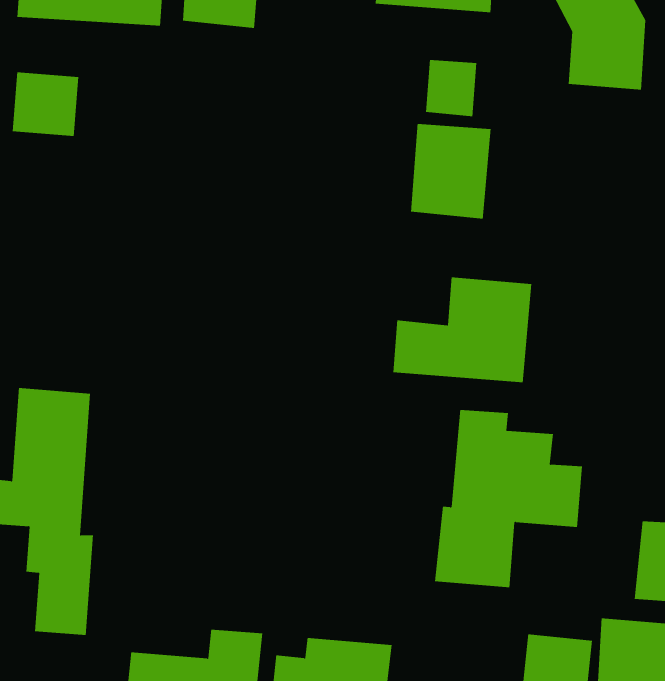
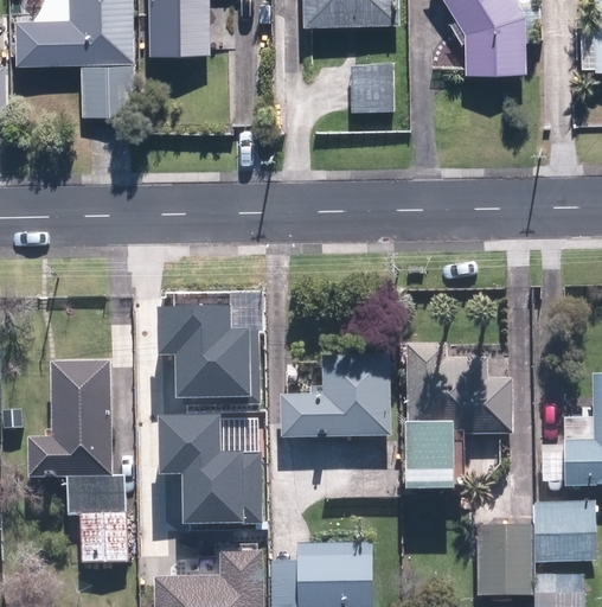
building: [12,72,79,137] -> [81,66,133,116]
building: [410,123,491,219] -> none
building: [392,277,532,383] -> [278,357,386,440]
building: none -> [164,302,264,394]
building: none -> [167,411,268,518]

